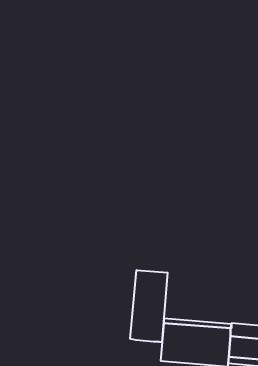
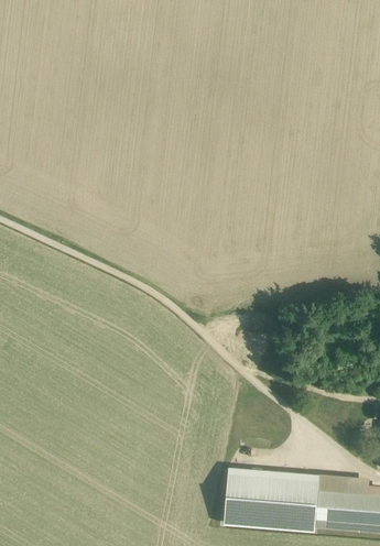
building: [130,270,168,342] -> none

